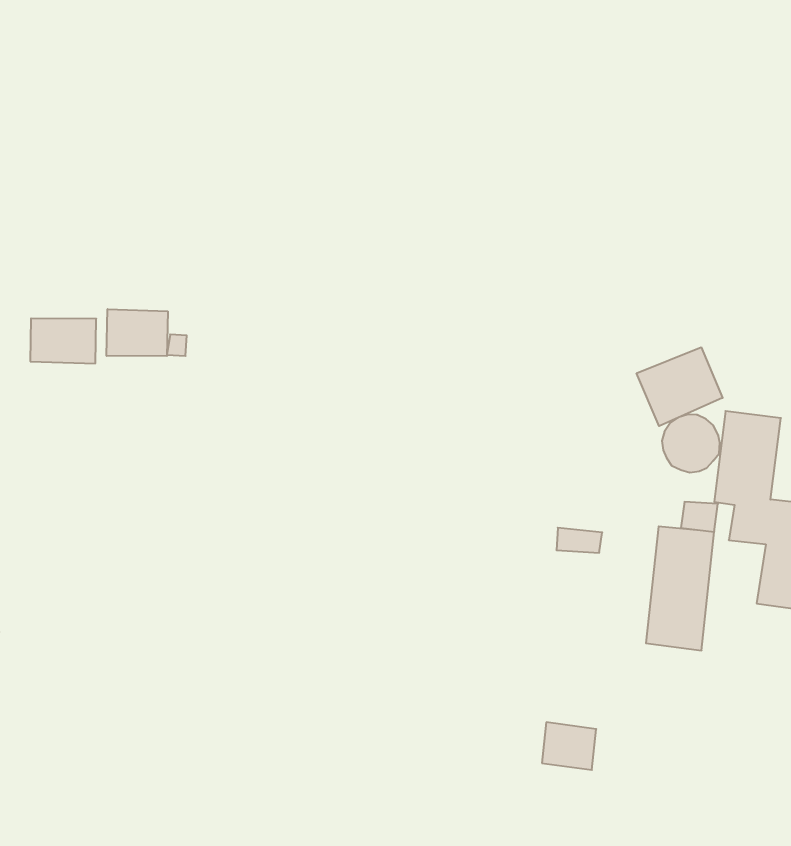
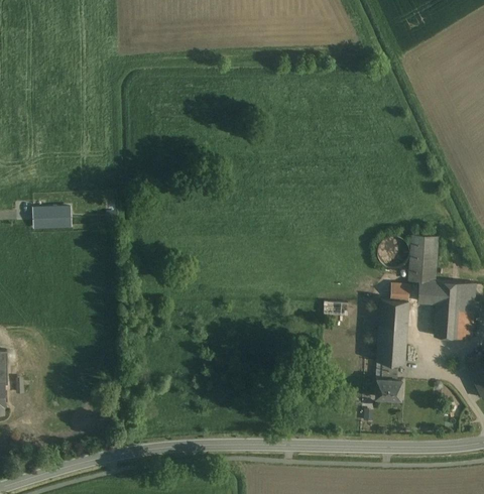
building: [107,309,168,356] -> none
building: [637,347,723,426] -> none
building: [542,722,596,770] -> [375,377,403,401]

